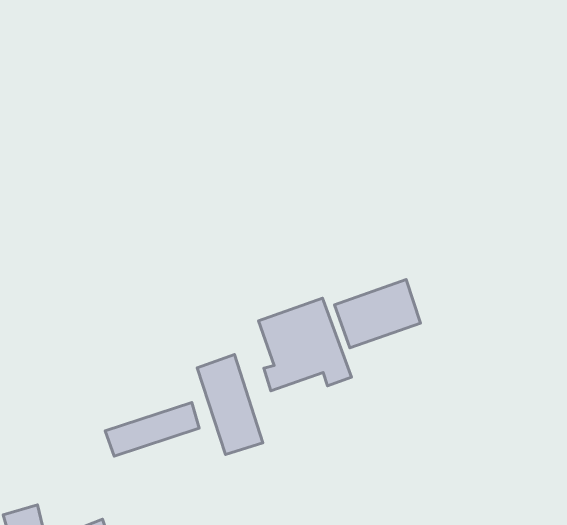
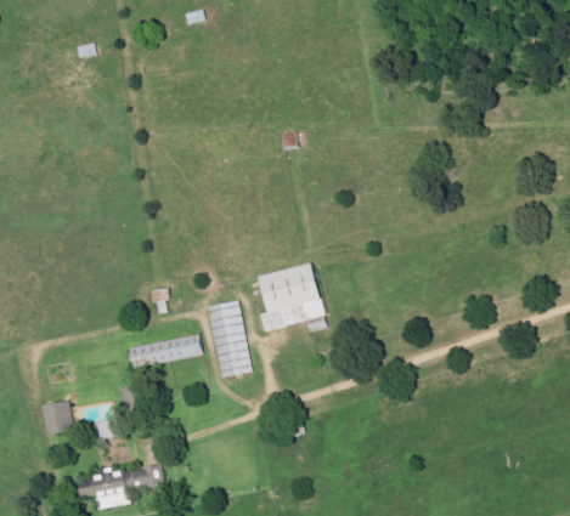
building: [335,280,420,348] -> none

